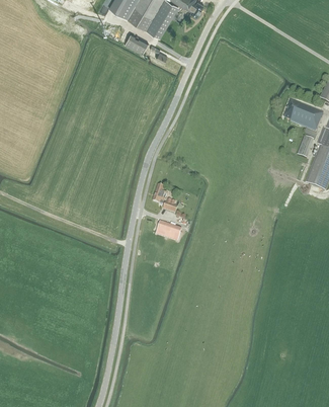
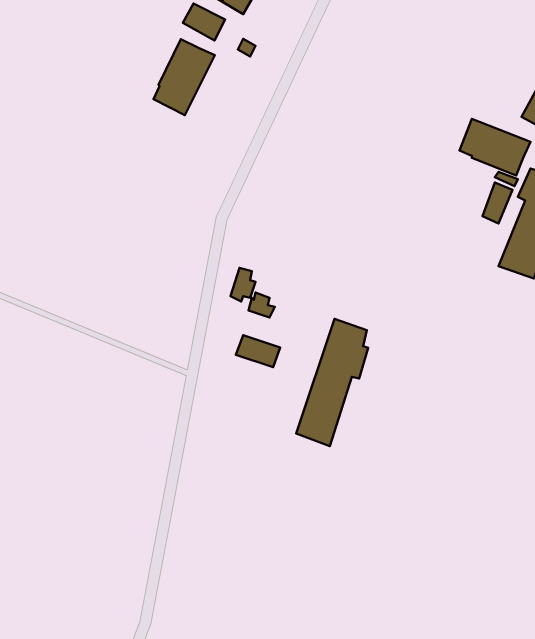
building: none -> [154,39,215,115]
building: none -> [296,319,368,446]

